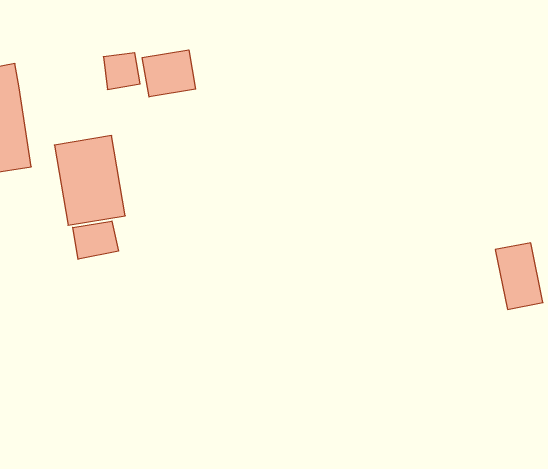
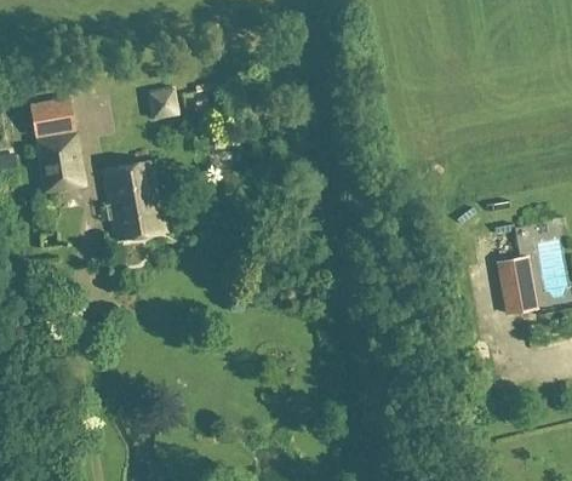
building: [142,50,196,97] -> none
building: [73,221,118,259] -> none

